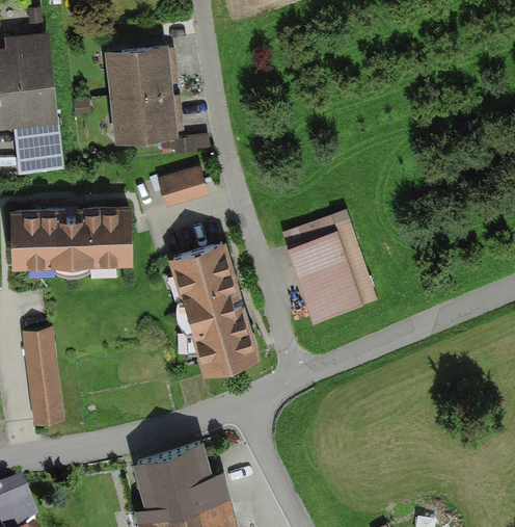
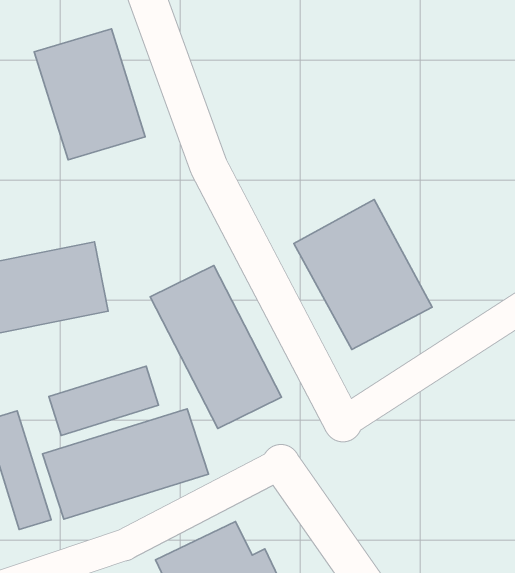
building: [158,172,211,209] -> none
building: none -> [49,366,158,435]
building: none -> [42,409,209,519]

